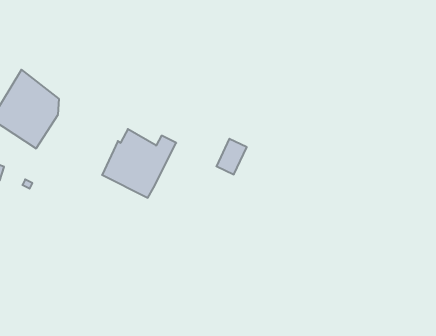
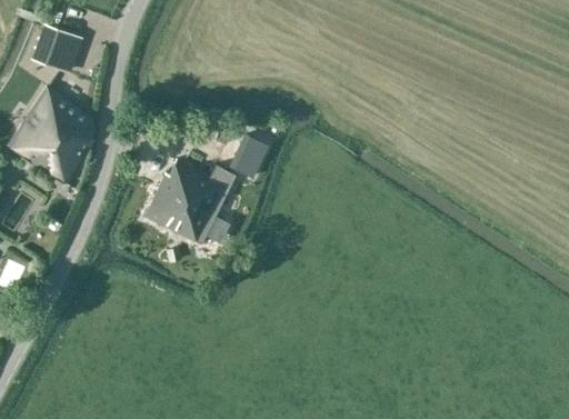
building: none -> [30,26,78,71]
building: [216,139,247,174] -> [229,133,266,177]

